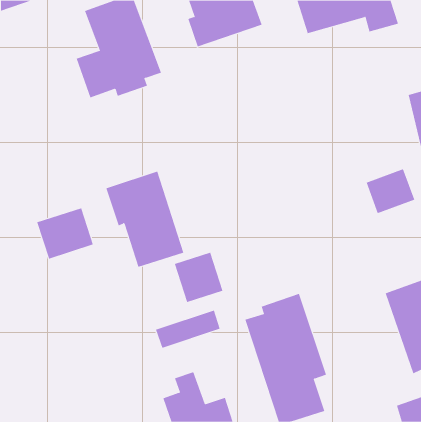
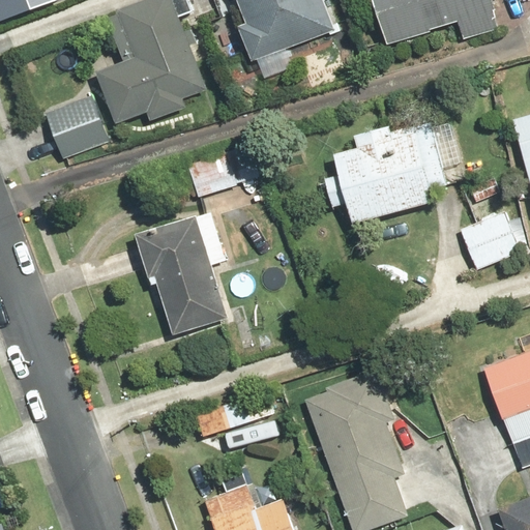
building: none -> [45,95,110,159]
building: none -> [331,124,446,225]
building: [37,207,94,259] -> none
building: [174,252,223,303] -> none

